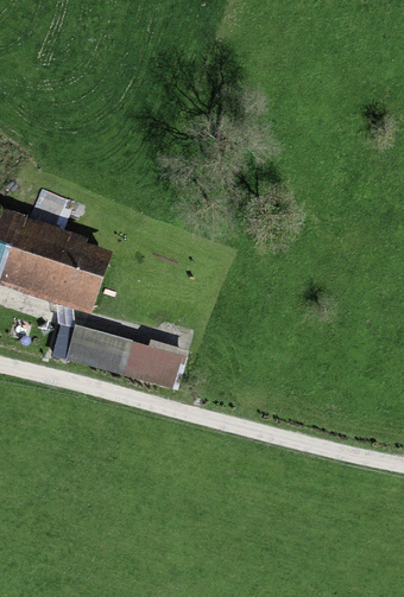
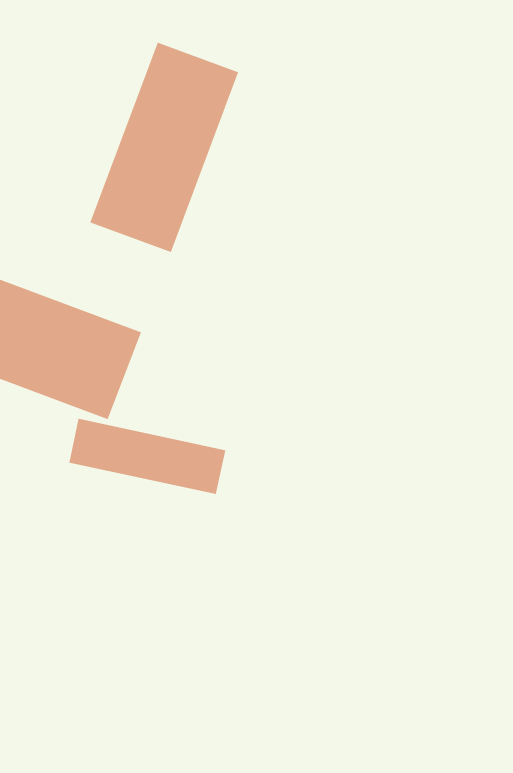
building: none -> [90,42,239,253]

